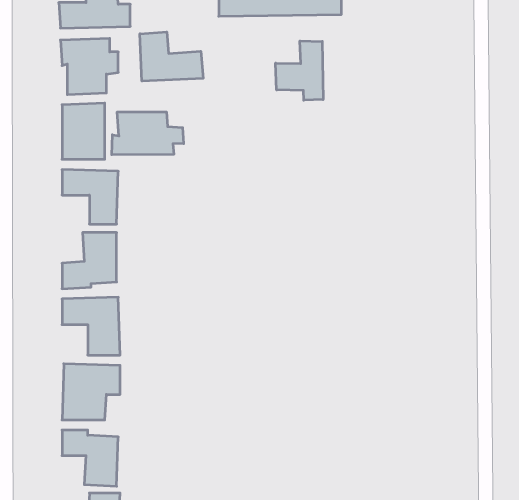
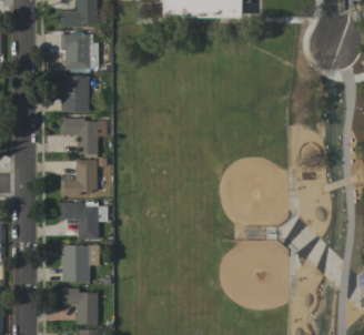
building: [140,32,203,81] -> none
building: [276,41,323,100] -> none
building: [112,112,184,155] -> none

